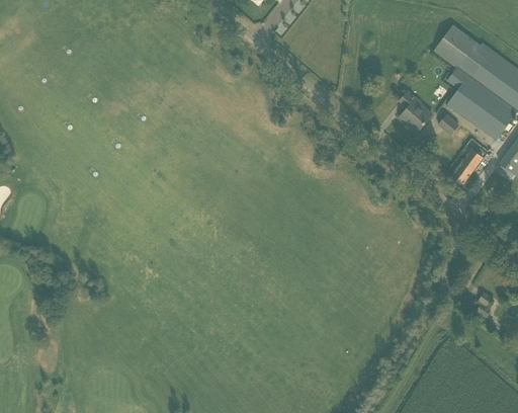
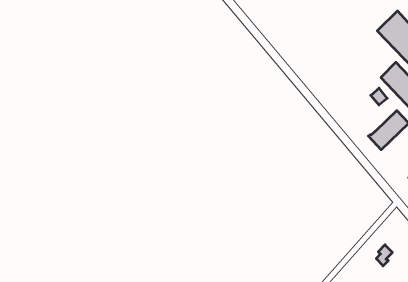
building: [400,92,432,133] -> none

